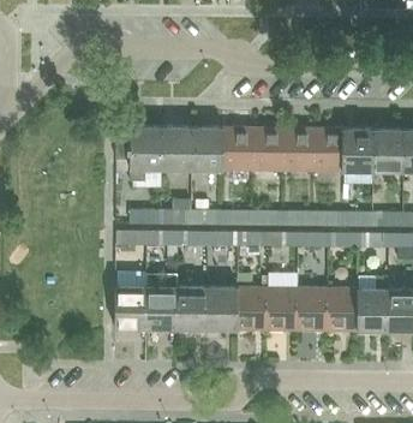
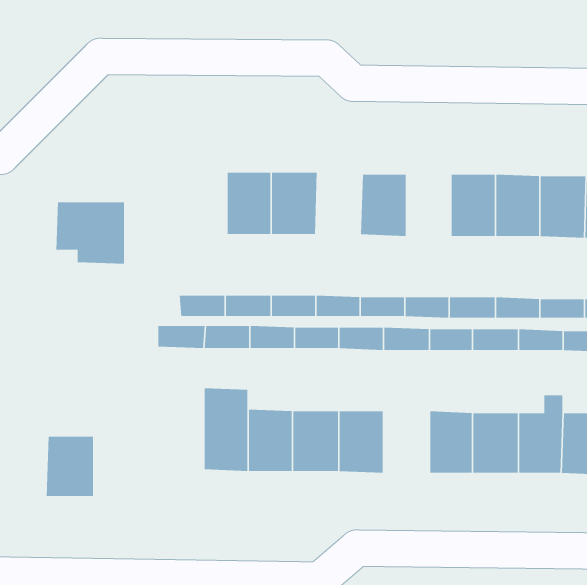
building: [115,127,162,169] -> [55,202,125,264]
building: [222,127,253,169] -> none
building: [283,129,313,171] -> none
building: [114,287,146,328] -> [46,436,94,497]
building: [268,288,299,330] -> none

